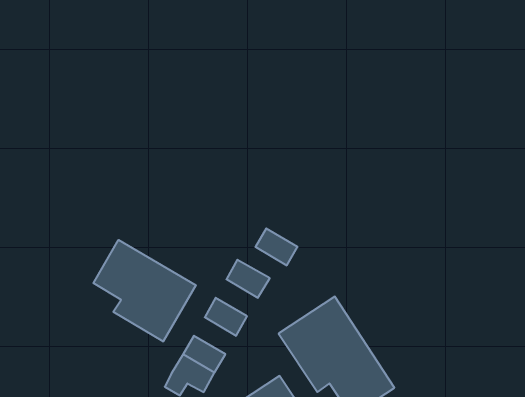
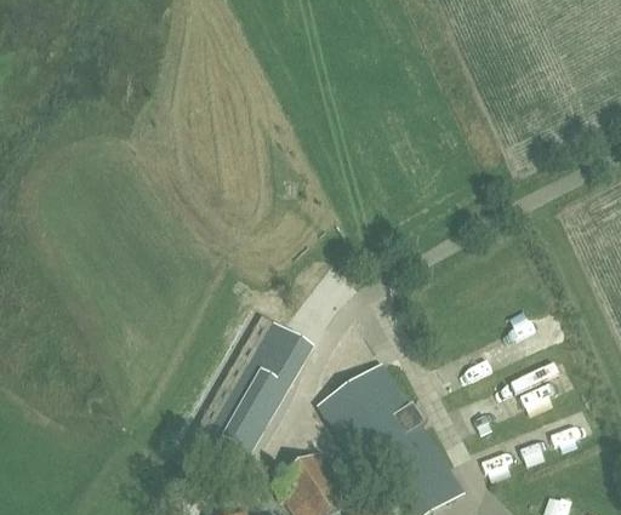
building: [255,228,298,265] -> [250,344,297,385]
building: [93,240,196,342] -> none
building: none -> [226,387,273,428]

